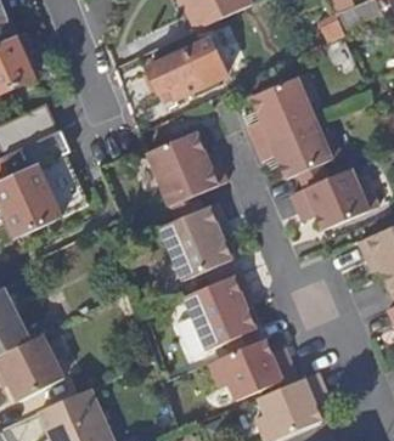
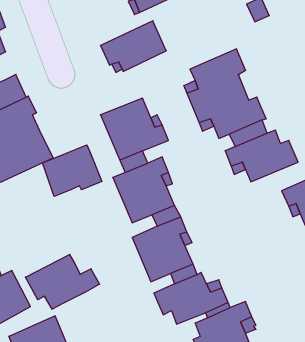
building: none -> [42,145,102,196]
building: none -> [25,254,100,309]

